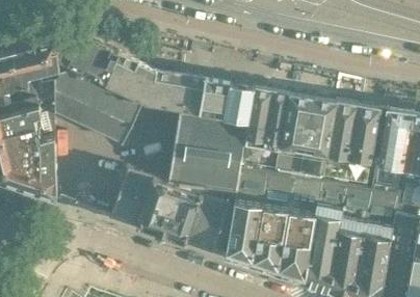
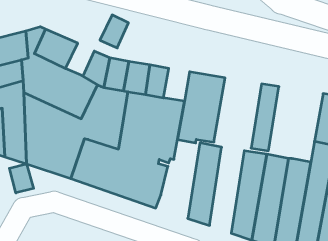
building: [104,56,138,96] -> [100,15,128,48]
building: [221,86,253,126] -> none
building: [282,98,339,182] -> none
building: [347,108,378,188] -> none
building: [375,112,413,198] -> none
building: [226,171,265,266] -> none
building: [277,181,318,284] -> none
building: none -> [9,164,34,193]

